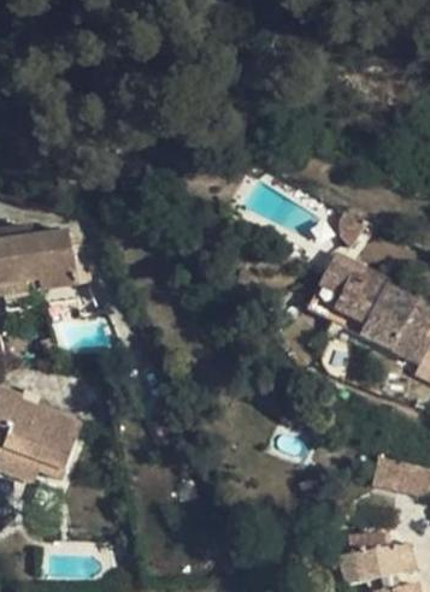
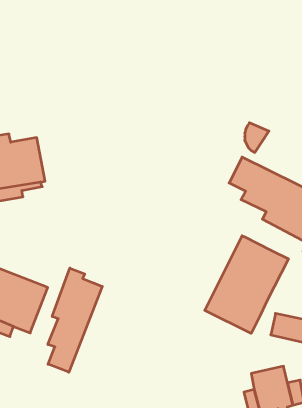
building: none -> [205,236,288,333]
building: none -> [48,268,102,372]

